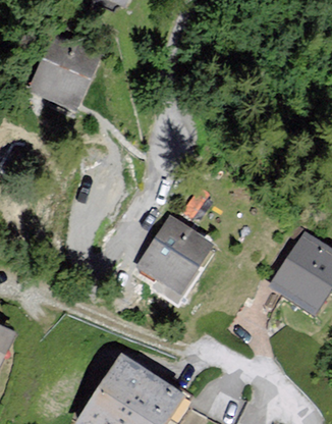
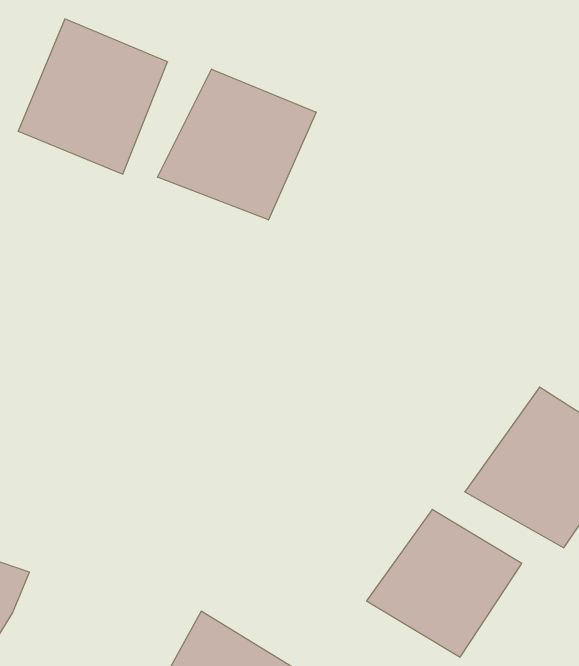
building: none -> [157,69,316,220]
building: [132,214,217,295] -> [367,509,522,657]

